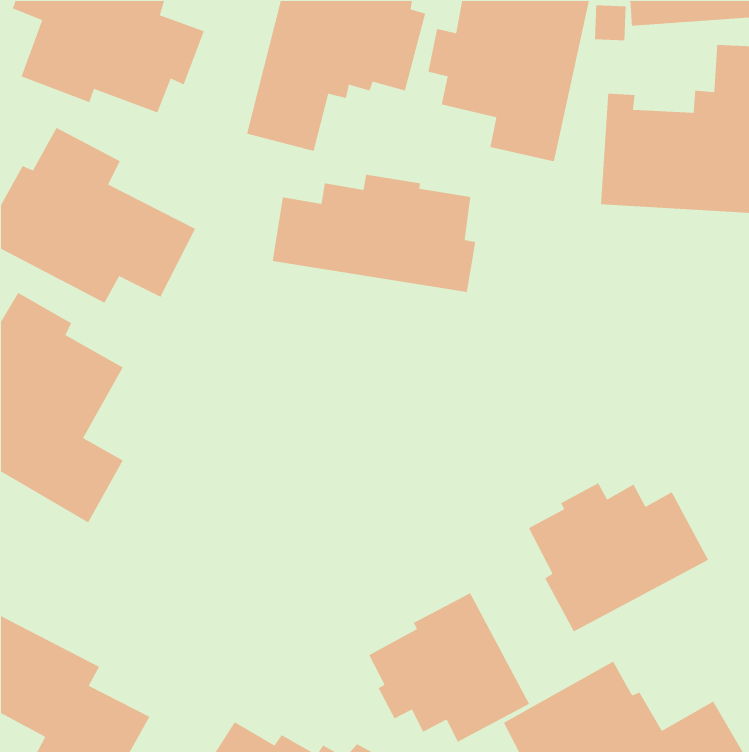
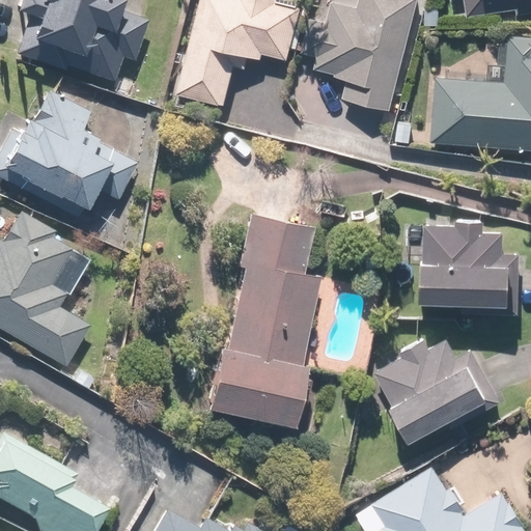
building: [272,174,476,293] -> none
building: none -> [203,213,317,427]
building: none -> [417,221,524,308]
building: [368,592,530,743] -> none

